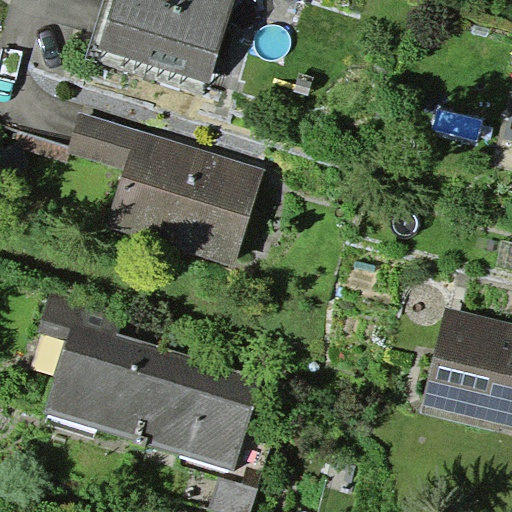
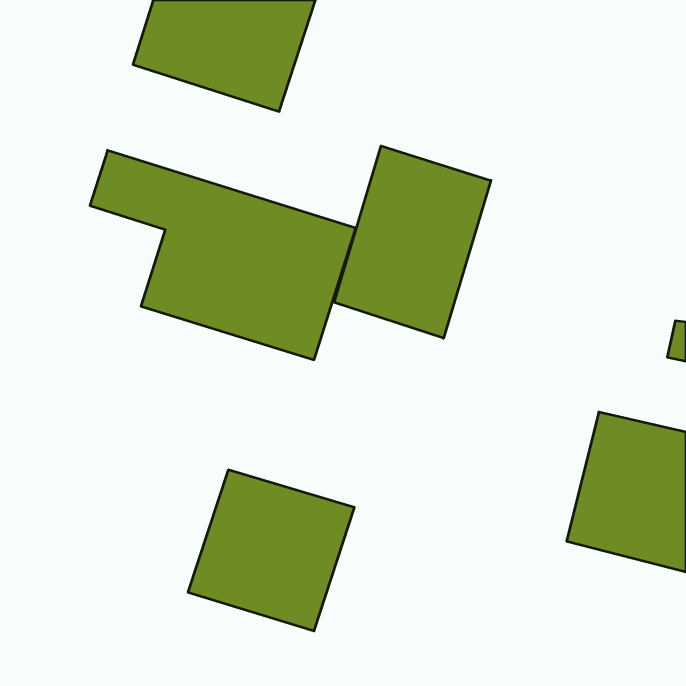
building: none -> [334,146,491,338]
building: [38,293,170,441] -> none

